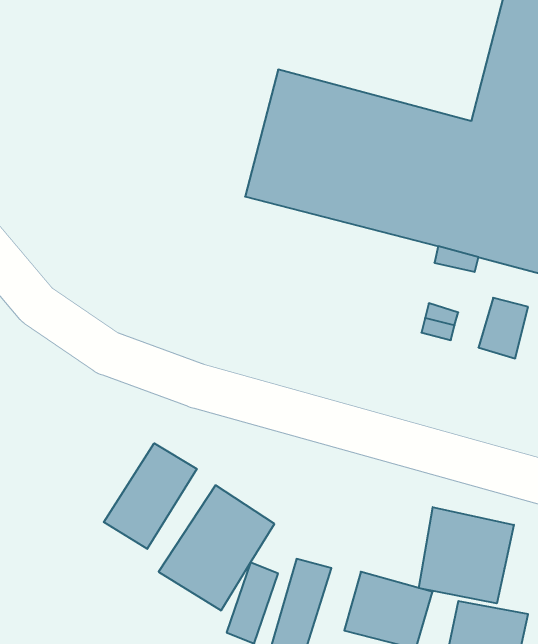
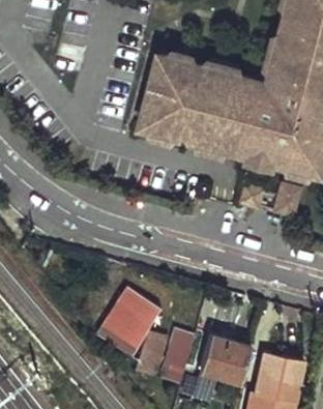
building: [104,443,197,549] -> none
building: [419,507,514,603] -> none

